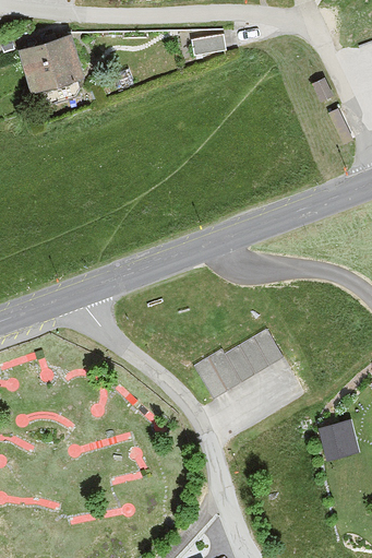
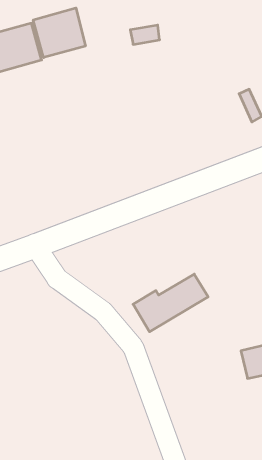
building: none -> [33,8,85,58]

